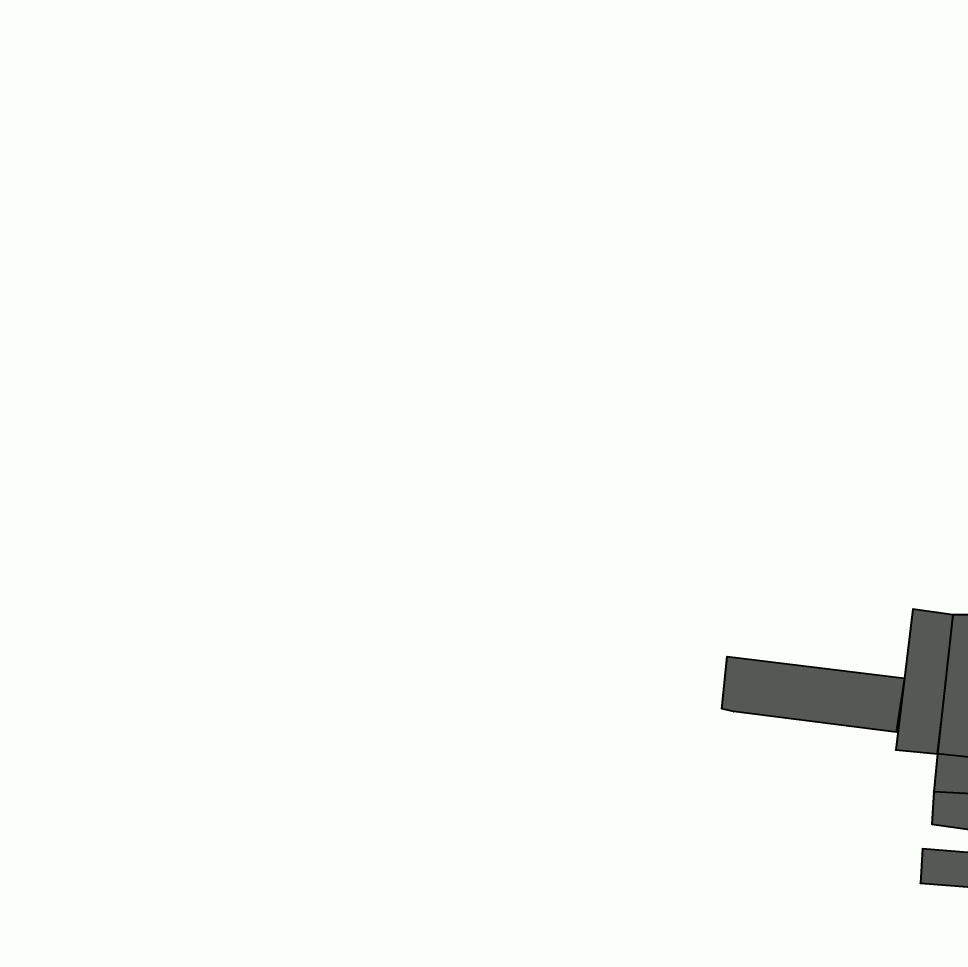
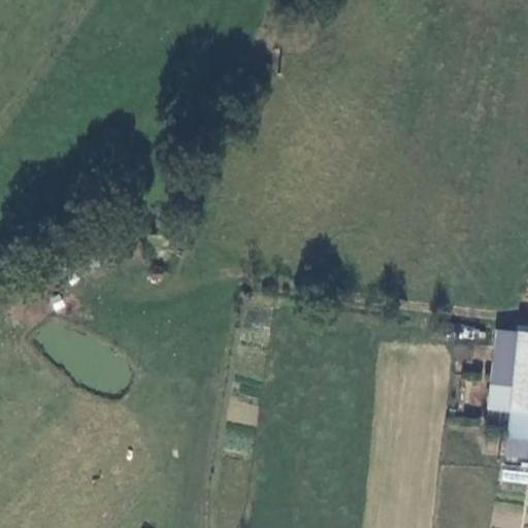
building: [722,657,904,732] -> none

